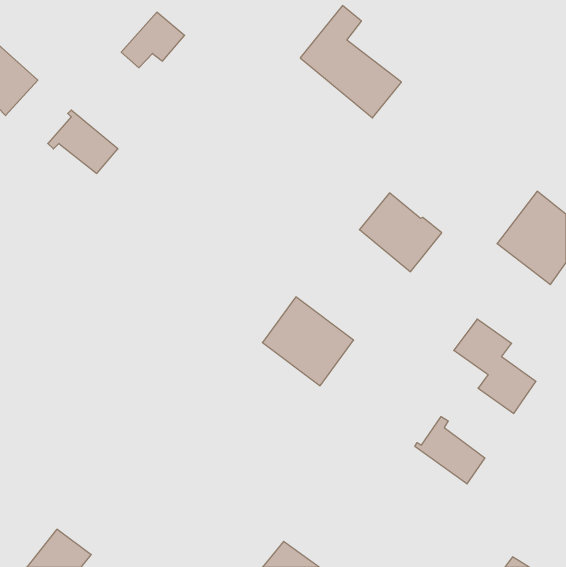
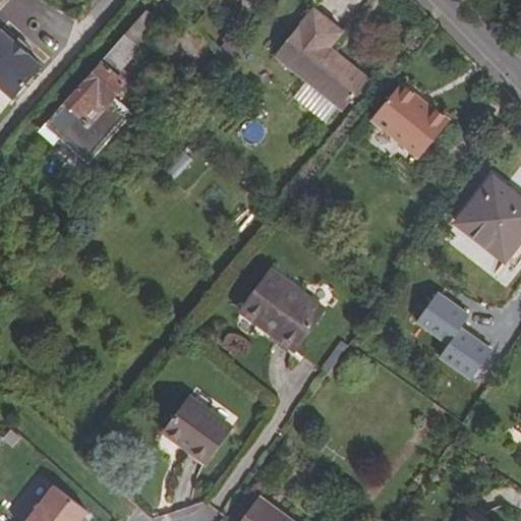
building: none -> [65,48,127,136]
building: [359,193,442,272] -> [371,84,447,157]
building: [415,417,485,484] -> none
building: none -> [164,399,229,462]

